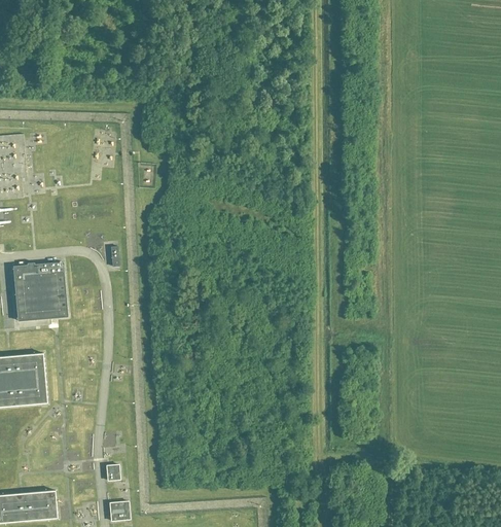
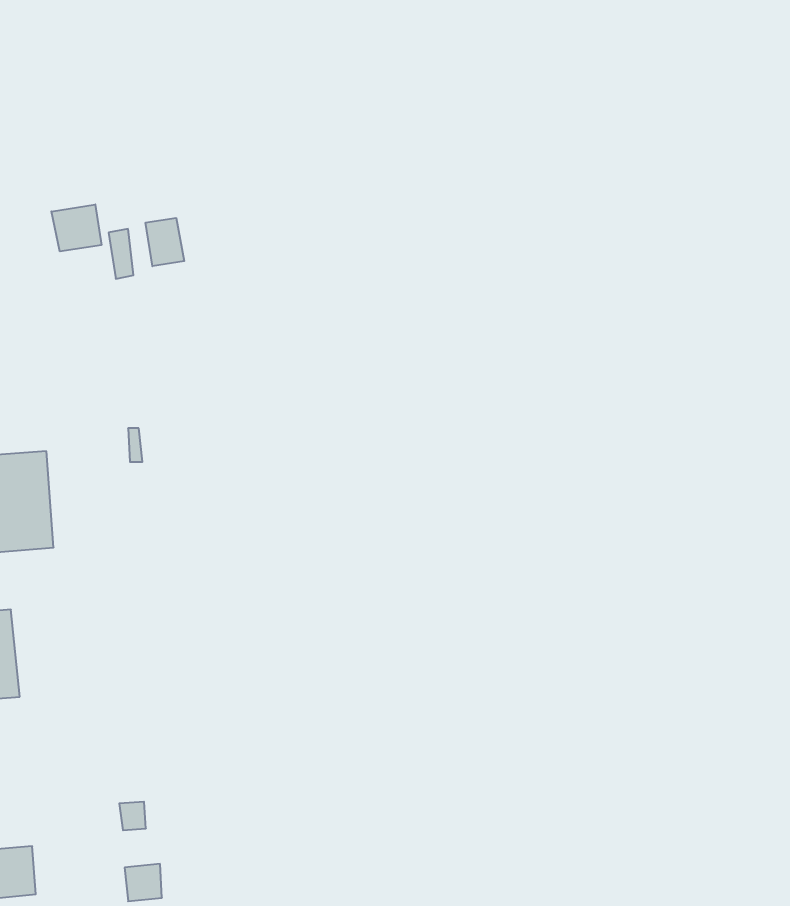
building: none -> [51,204,101,251]
building: none -> [146,218,184,266]

